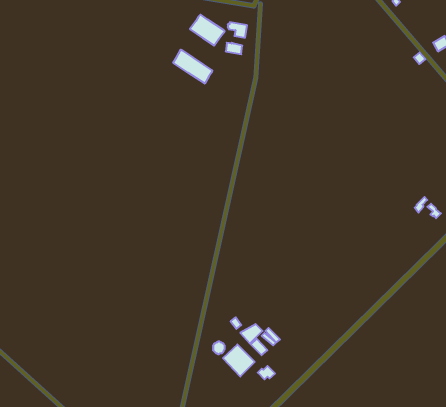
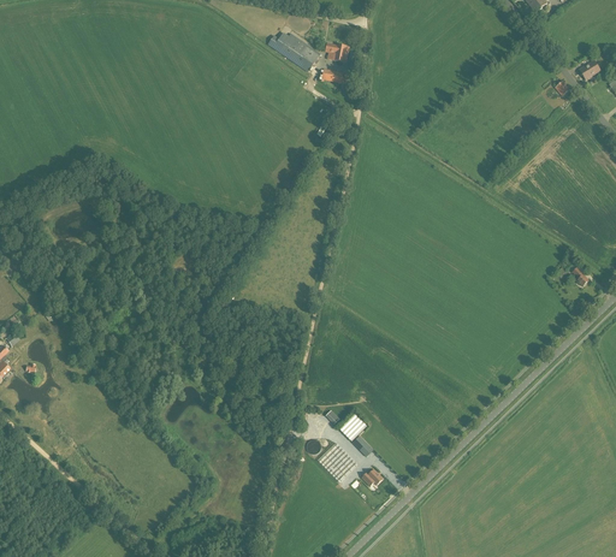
building: [173,50,212,84] -> none

